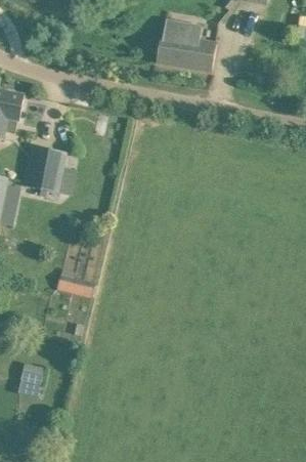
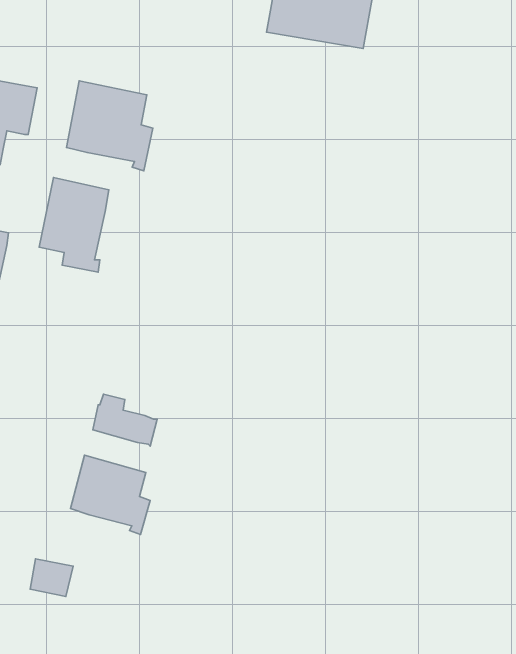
building: none -> [67,81,153,171]
building: none -> [70,455,150,534]

